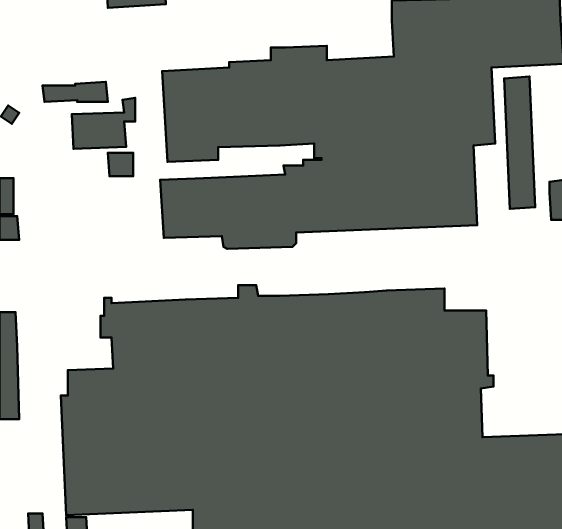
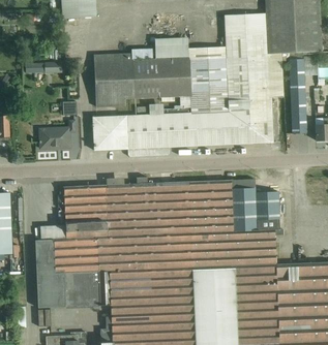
building: [72,98,135,149] -> [39,119,76,148]

